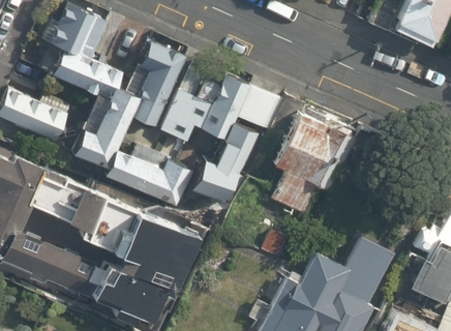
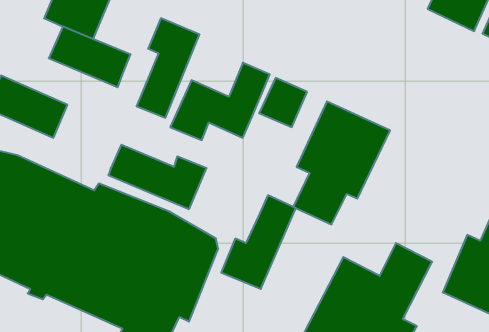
building: [72,87,138,170] -> none
building: [190,124,257,207] -> [221,195,296,289]

